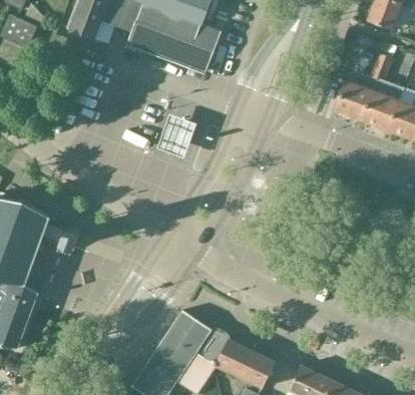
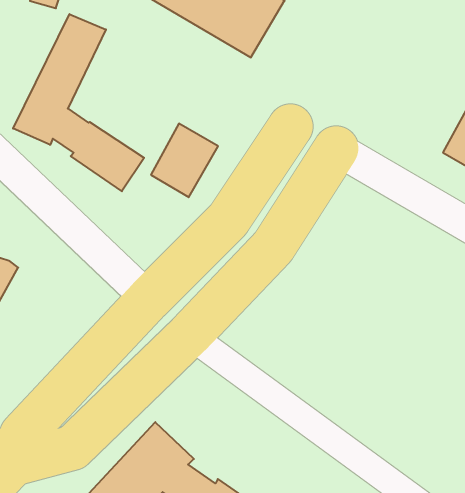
building: none -> [13,14,144,191]

